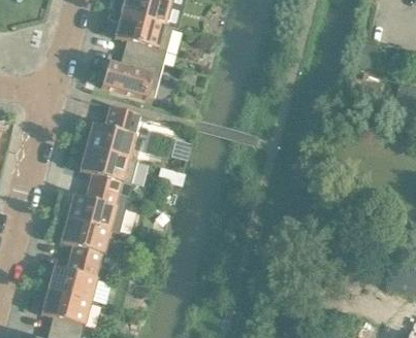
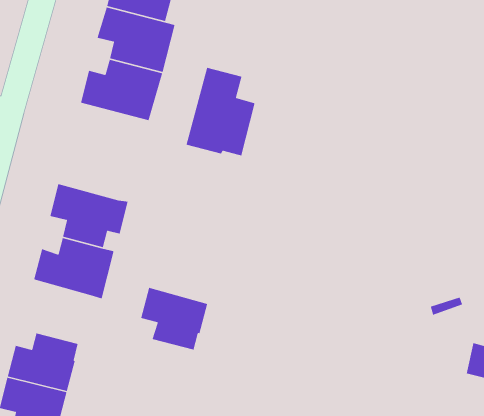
building: none -> [186,67,255,156]
building: [85,105,140,158] -> none
building: [60,217,110,265] -> [140,287,208,350]

